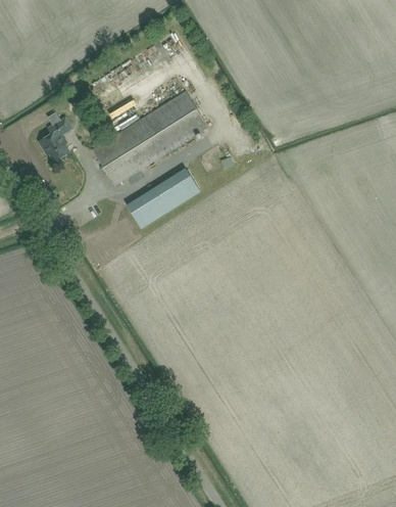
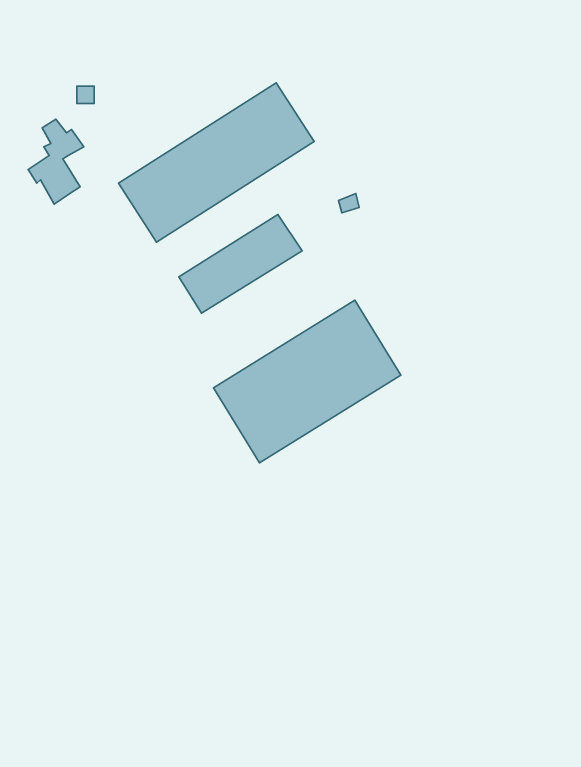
building: none -> [213,300,401,463]

